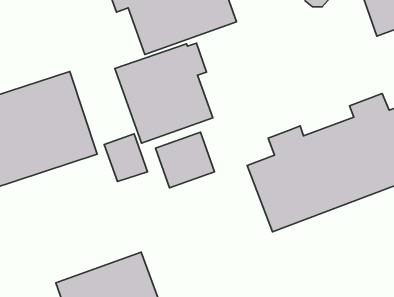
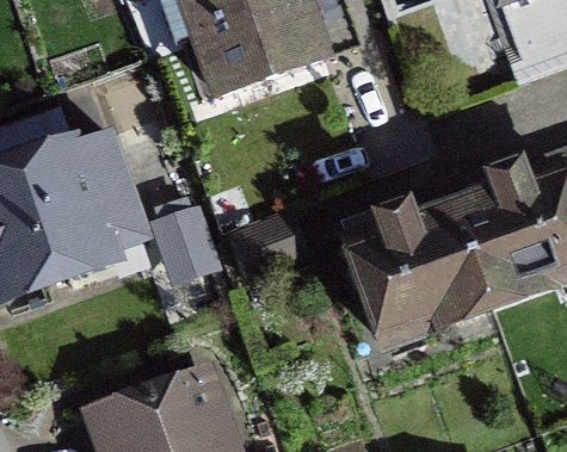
building: [115,43,213,143] -> none

